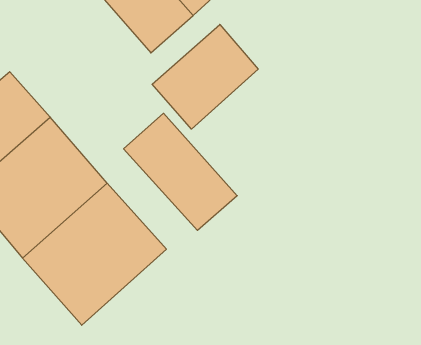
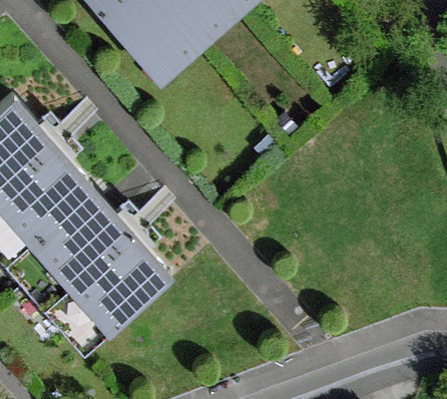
building: [152,24,258,129] -> none
building: [124,113,237,230] -> none

